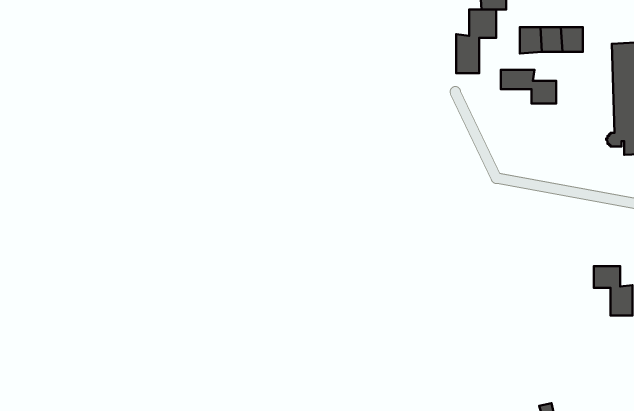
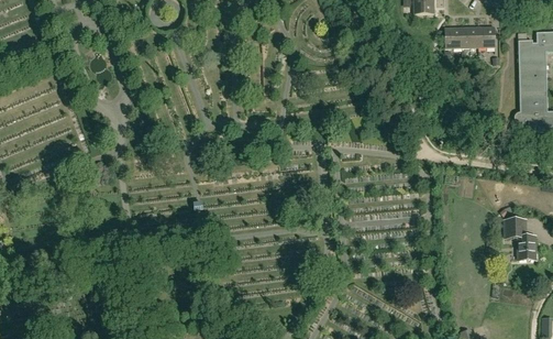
building: [456,9,496,73] -> none
building: [501,70,556,104] -> none

